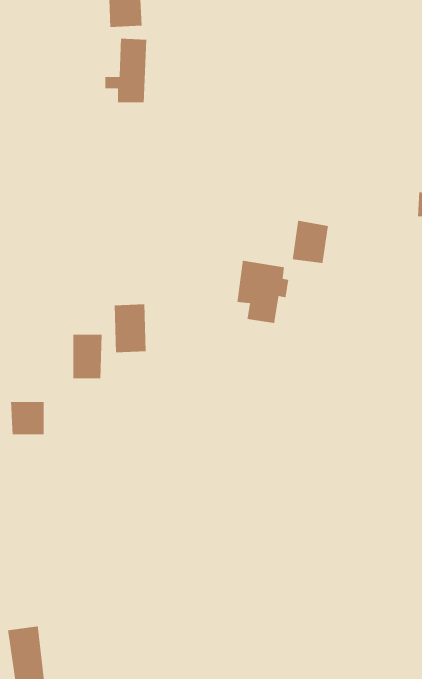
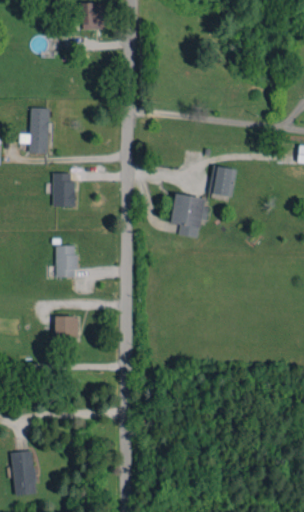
building: [104,38,147,103] -> [20,108,50,154]
building: [114,303,147,353] -> [52,173,75,208]
building: [10,401,44,435] -> [55,317,79,341]

